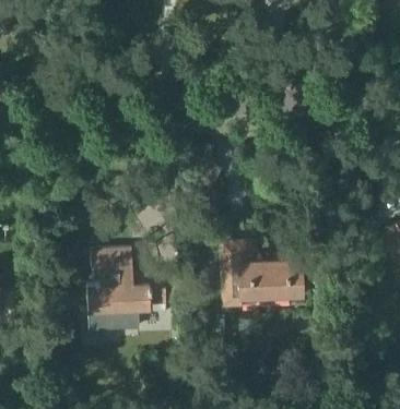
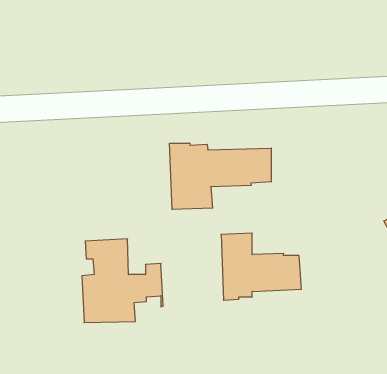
building: none -> [170,143,271,210]

